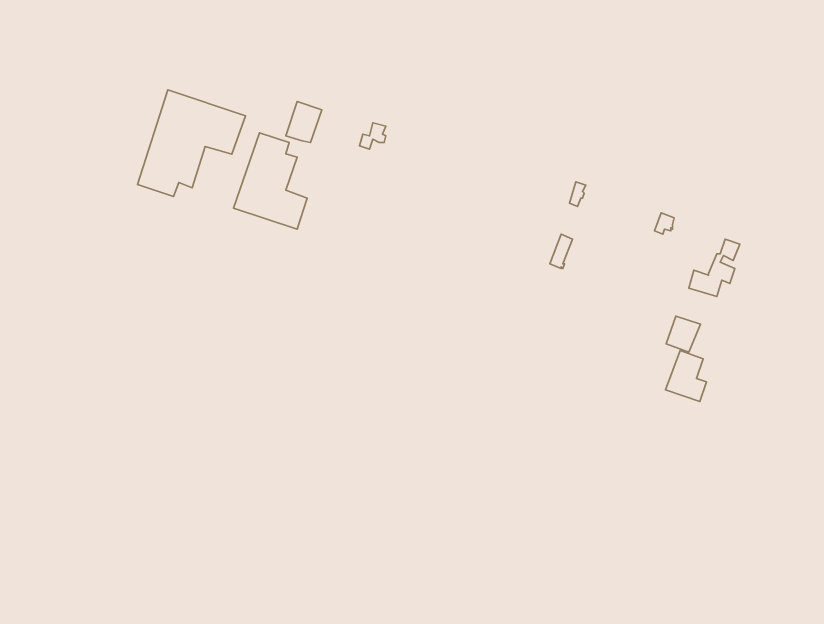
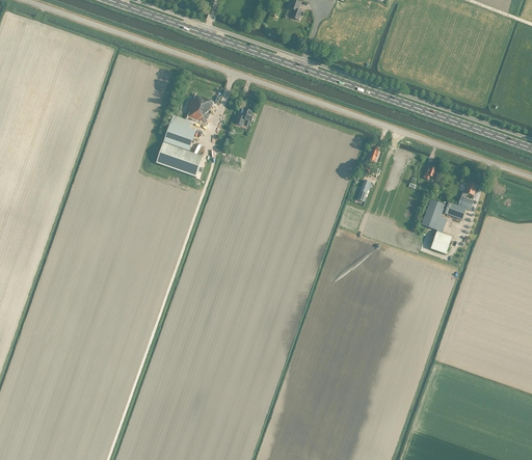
building: [138,90,245,197] -> none
building: [666,351,706,401] -> [421,198,447,231]

